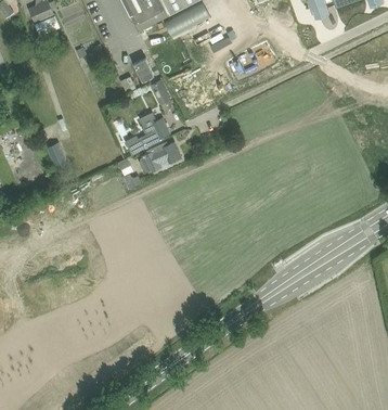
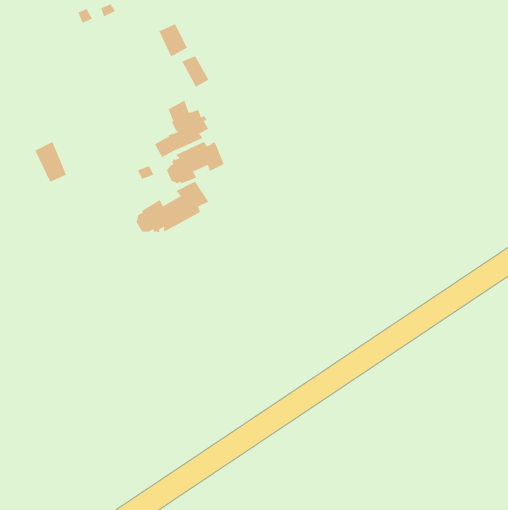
building: none -> [136,181,209,233]

